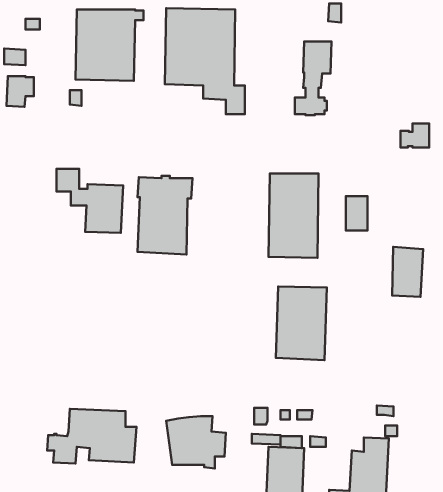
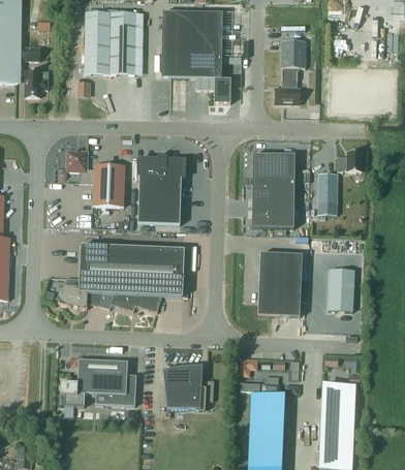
building: [401,124,429,147] -> [337,150,362,170]
building: [392,247,423,297] -> [328,268,354,311]
building: none -> [58,244,184,311]

